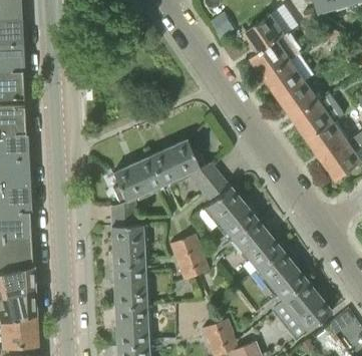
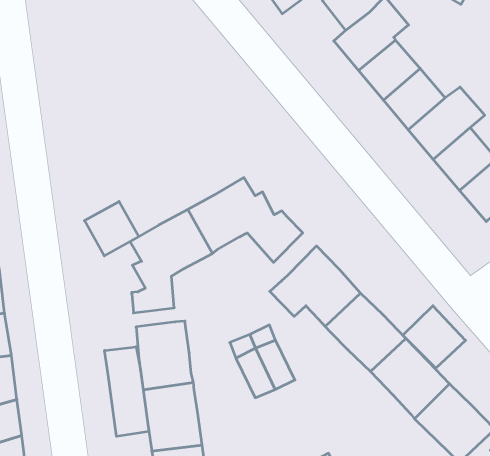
building: none -> [84,201,139,256]
building: none -> [403,306,466,368]
building: none -> [105,347,149,436]

